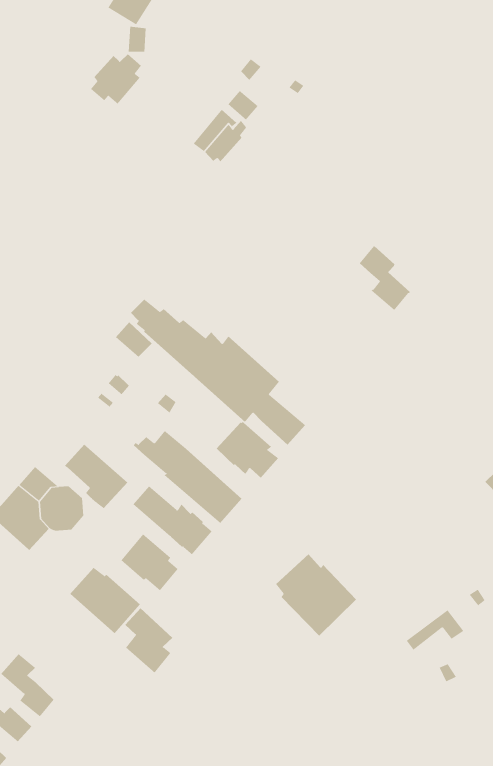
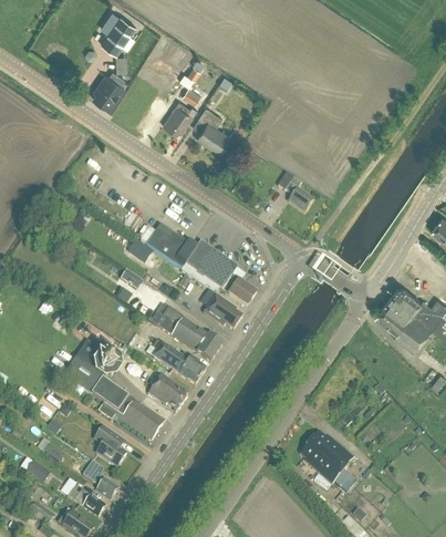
building: none -> [196,104,230,149]
building: [64,444,128,509] -> [91,379,133,419]
building: [275,553,357,636] -> [300,431,353,483]
building: [124,608,173,674] -> [94,426,126,467]

